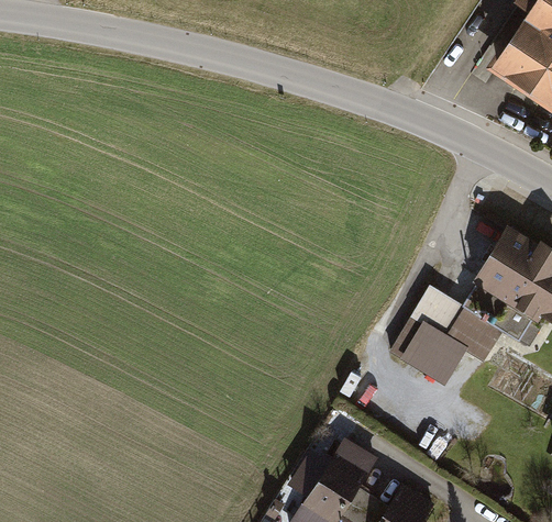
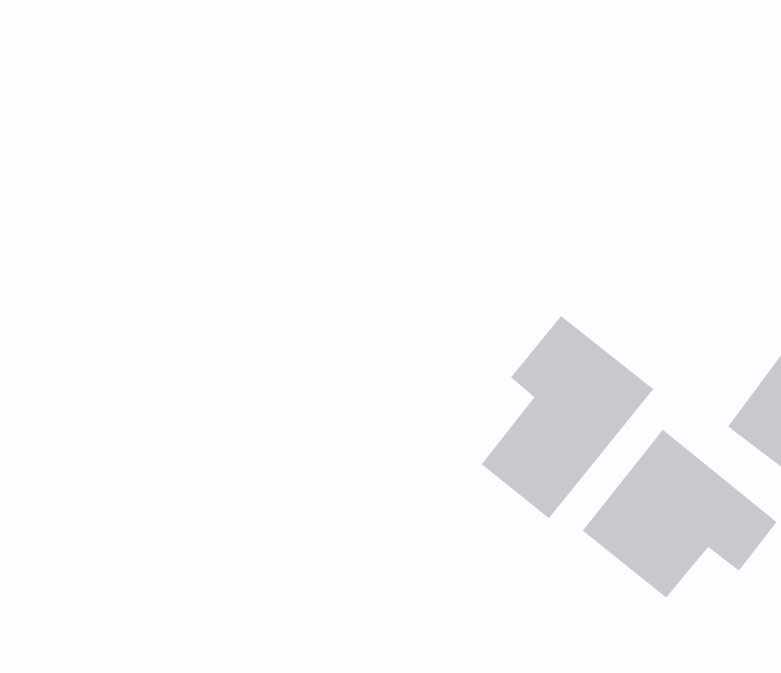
building: none -> [481,315,654,519]

